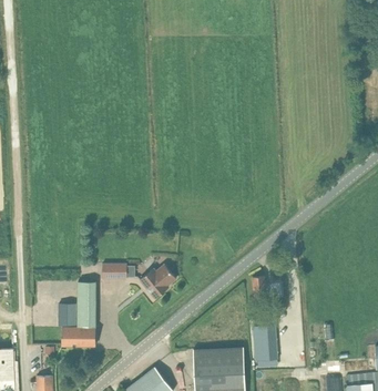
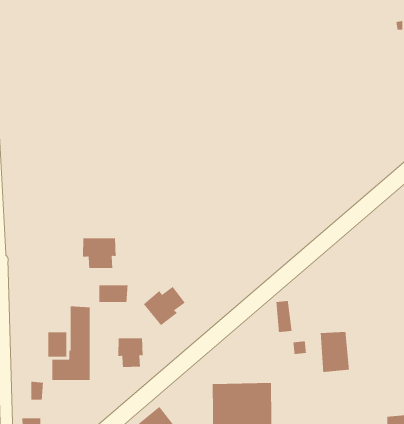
building: none -> [82,238,117,269]
building: none -> [117,338,144,368]
building: [253,326,278,361] -> [320,331,350,373]

